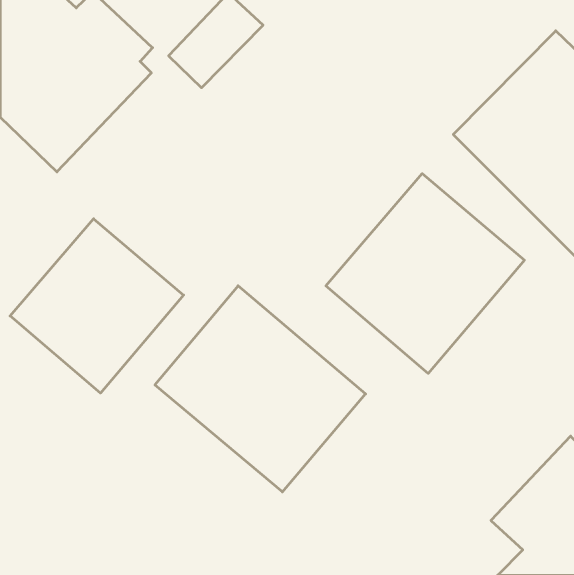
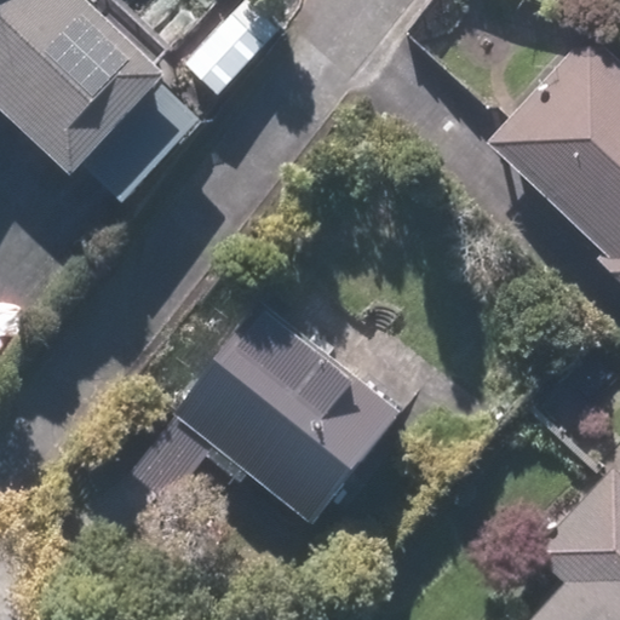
building: [326,174,524,373] -> none
building: [10,219,184,393] -> none

